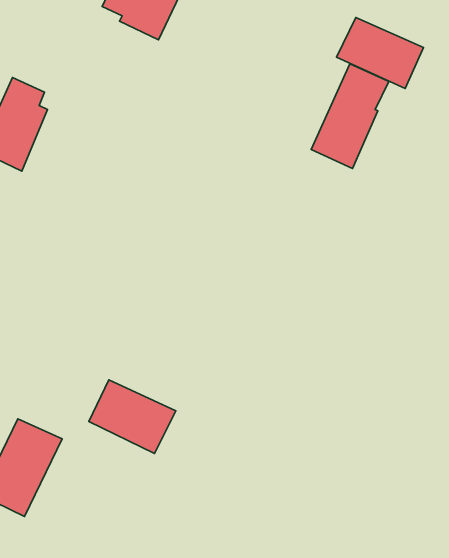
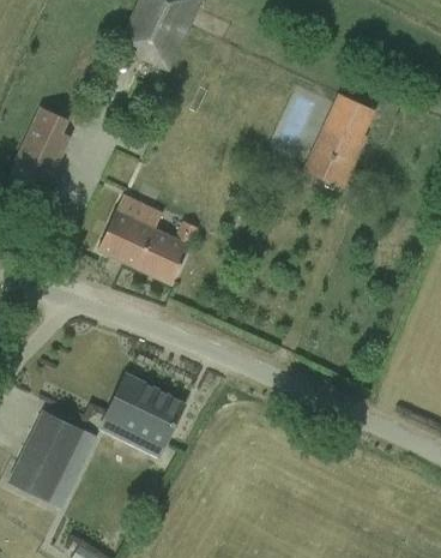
building: [337,17,424,88] -> none
building: none -> [98,197,199,283]

